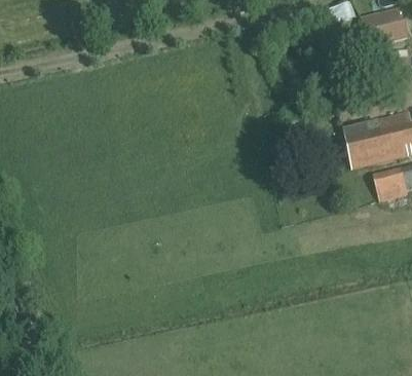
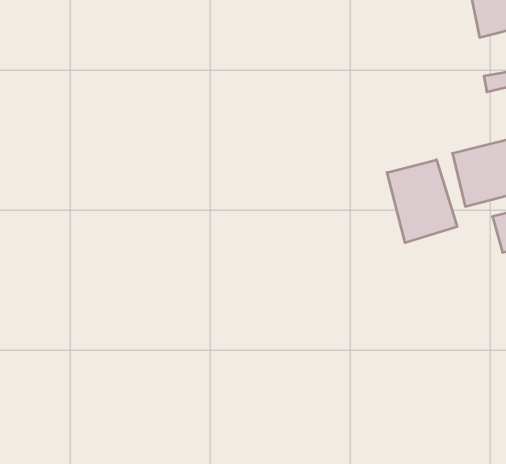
building: none -> [387,160,457,243]

